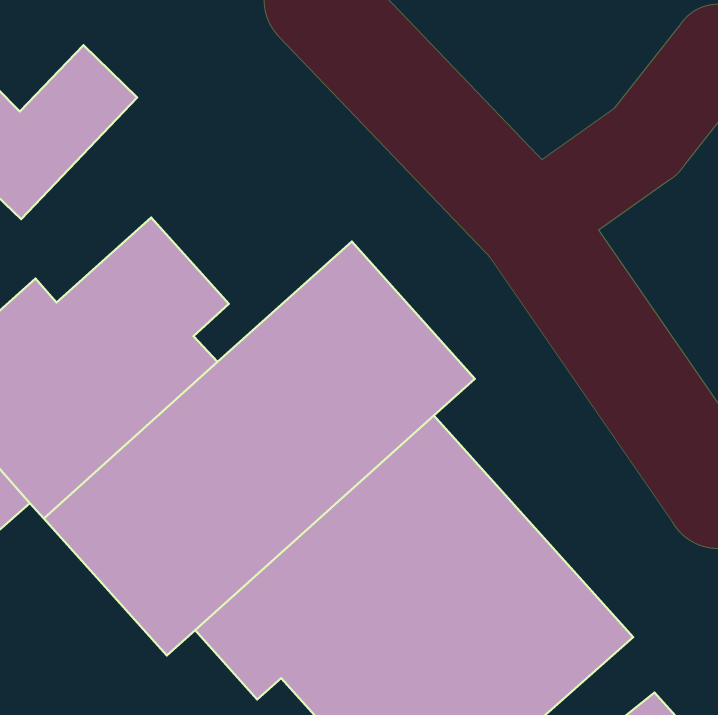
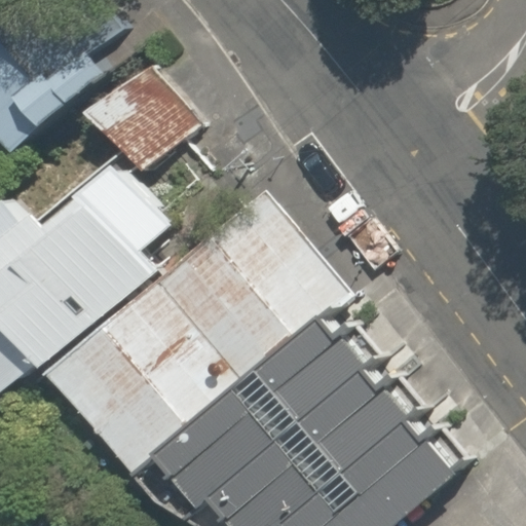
building: none -> [76,82,204,182]

